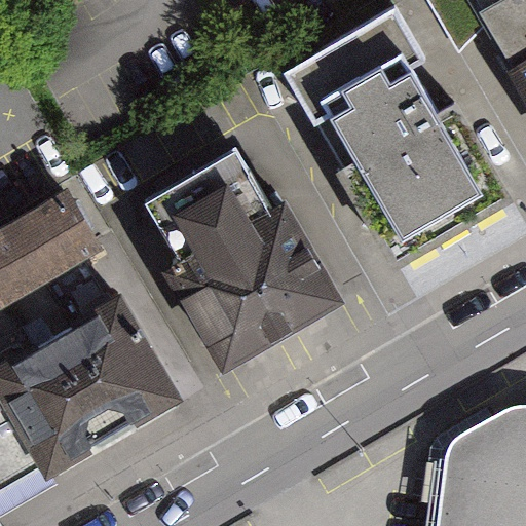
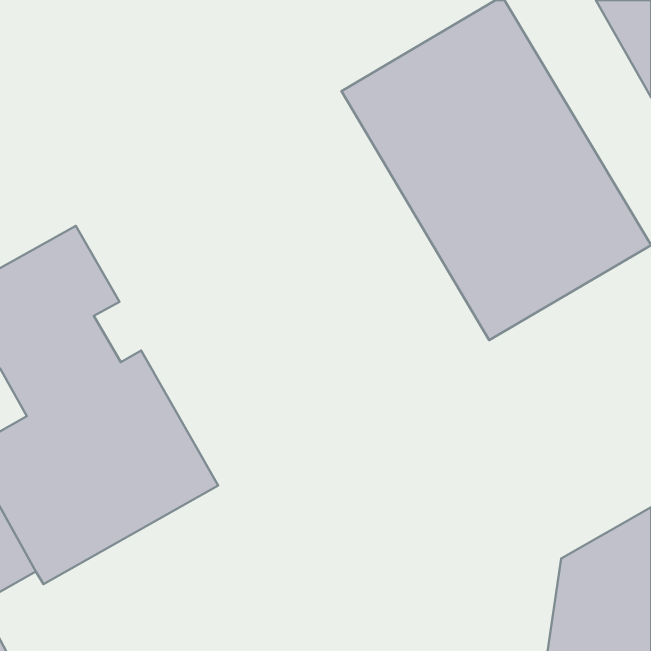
building: [161,174,341,368] -> none

